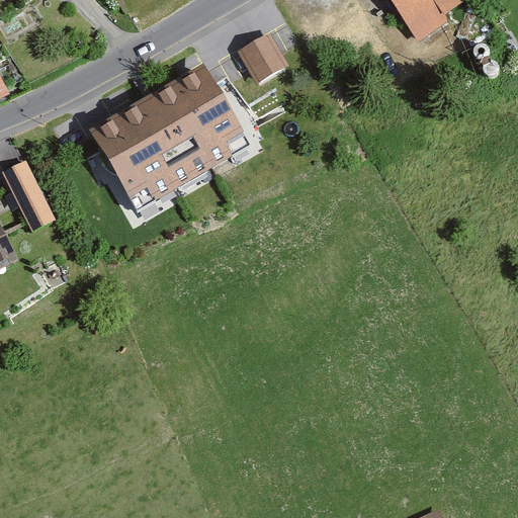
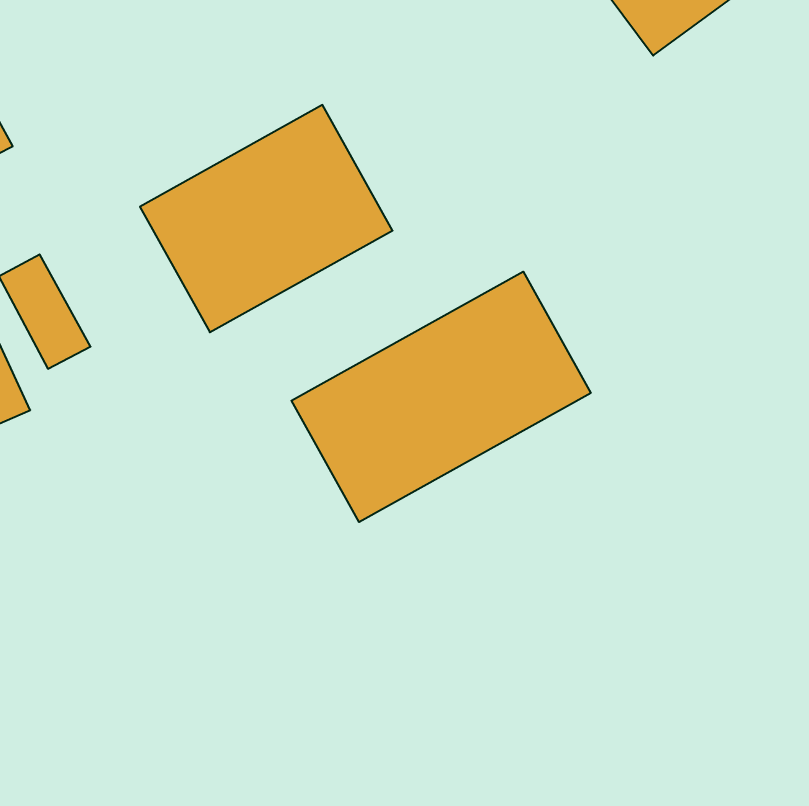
building: [233,28,284,80] -> none
building: none -> [291,272,591,522]

